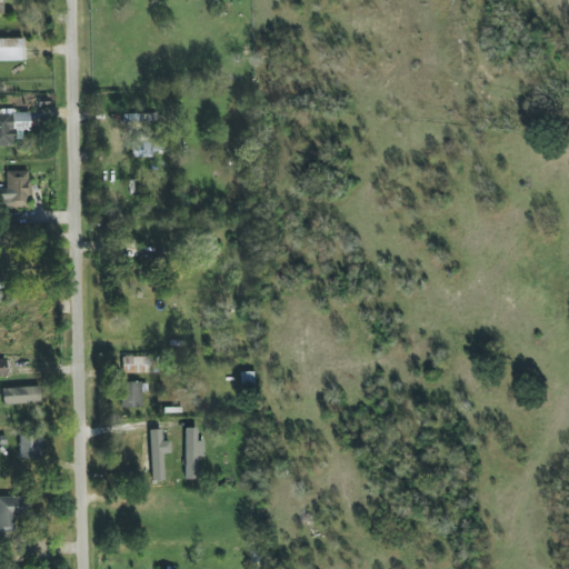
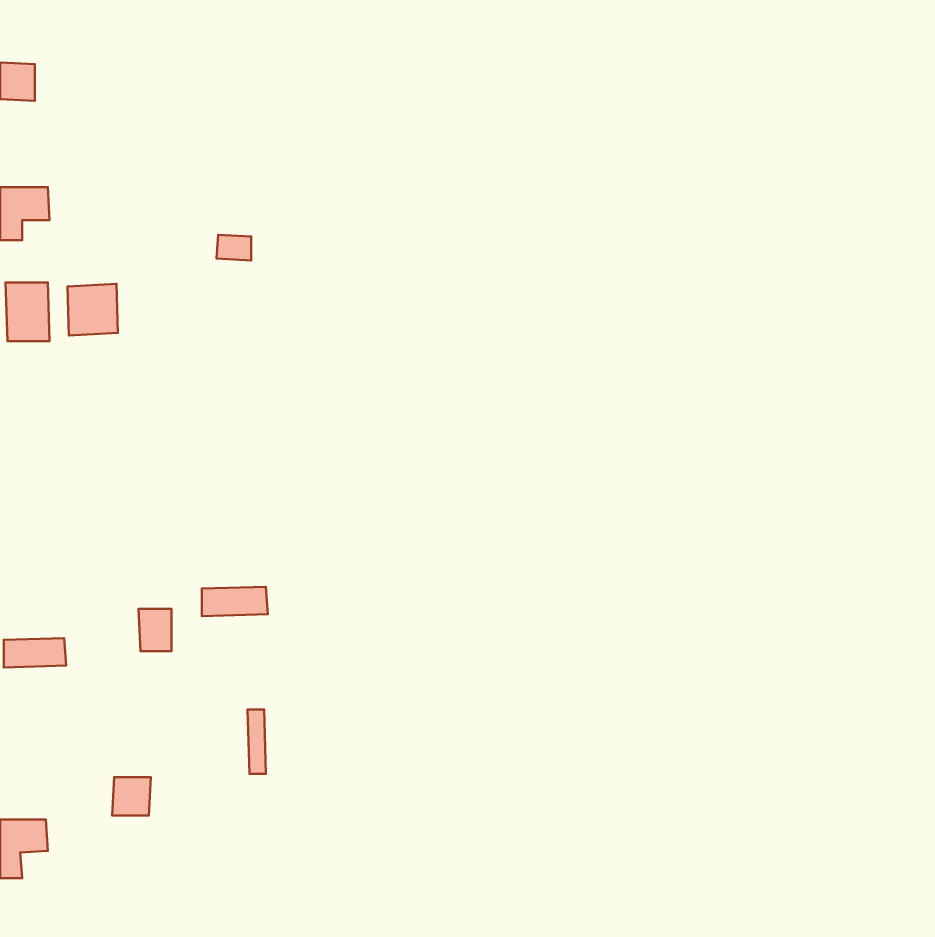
building: none -> [67,284,118,336]
building: [122,382,142,408] -> [139,609,172,651]
building: [184,428,204,475] -> none
building: [20,436,43,459] -> [112,777,151,816]

